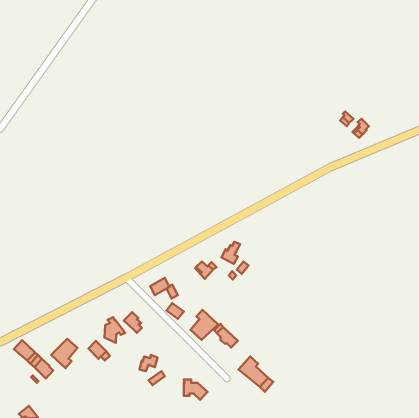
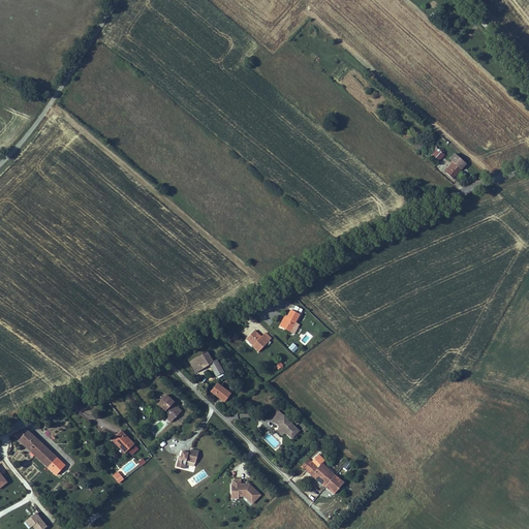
building: [191,310,218,340] -> none
building: [104,317,125,343] -> none
building: [51,339,78,368] -> none

